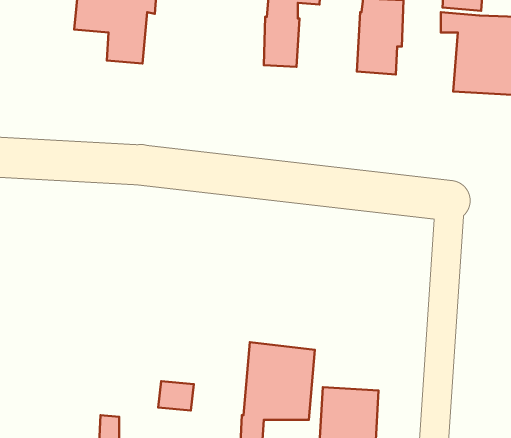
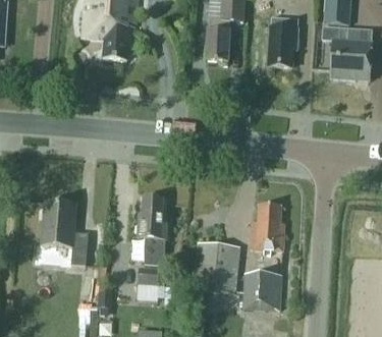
building: none -> [137,195,166,265]
building: none -> [41,201,88,265]
building: none -> [250,203,284,249]

